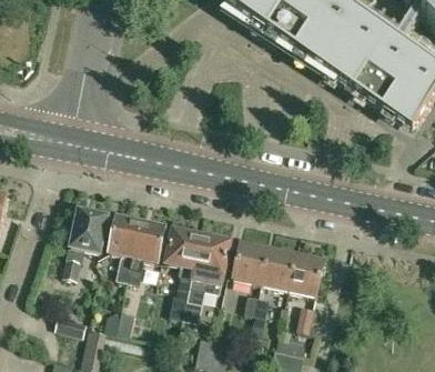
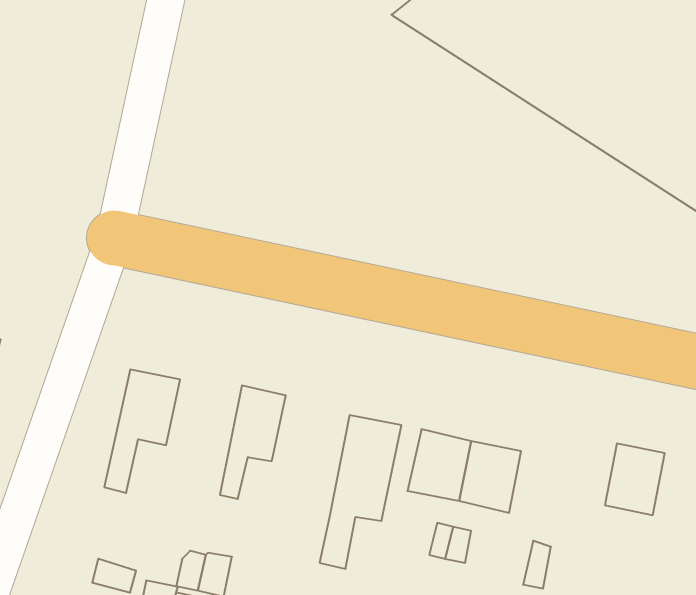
building: [110,213,141,279] -> none
building: [166,229,201,291] -> none
building: [290,254,323,294] -> [605,443,665,515]

